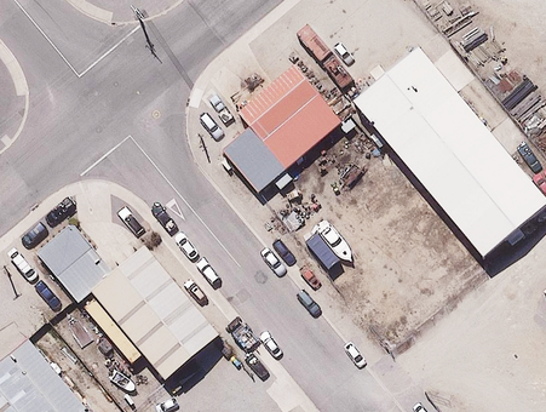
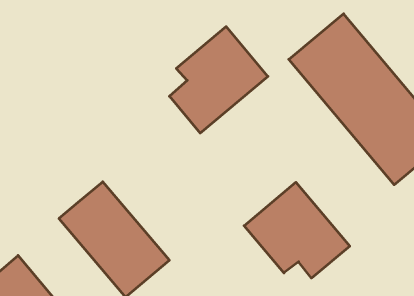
building: [24,223,99,303] -> none
building: none -> [244,182,350,278]

